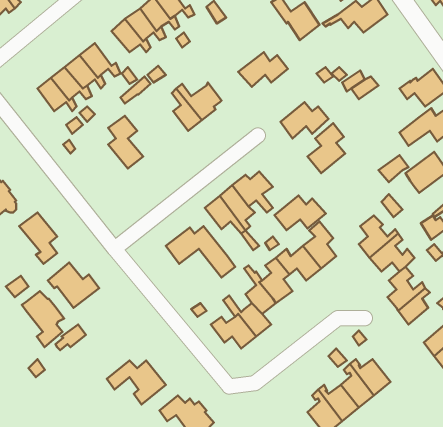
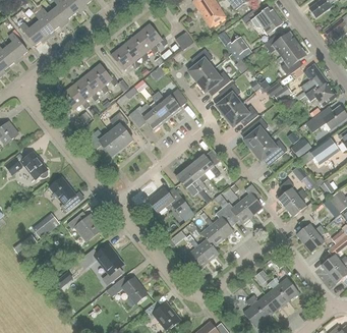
building: none -> [281,44,305,75]
building: none -> [187,48,214,82]
building: none -> [296,64,328,99]
building: none -> [216,84,241,116]
building: none -> [128,103,163,130]
building: none -> [88,129,122,156]
building: [274,195,326,230] -> [252,137,287,161]
building: [22,291,64,347] -> [95,245,123,283]

